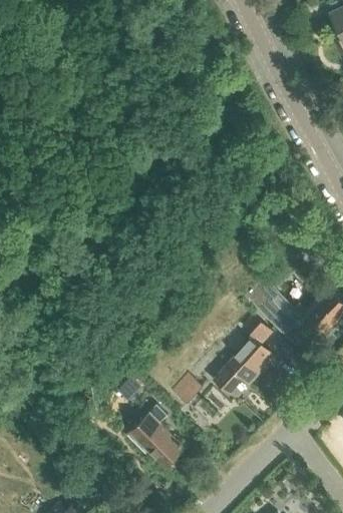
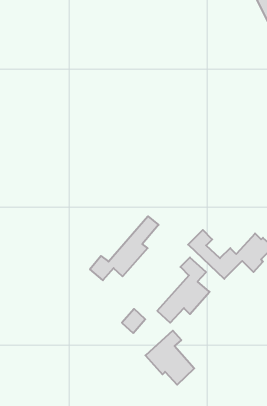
building: none -> [90,216,159,280]
building: [127,403,185,466] -> [145,331,194,385]

